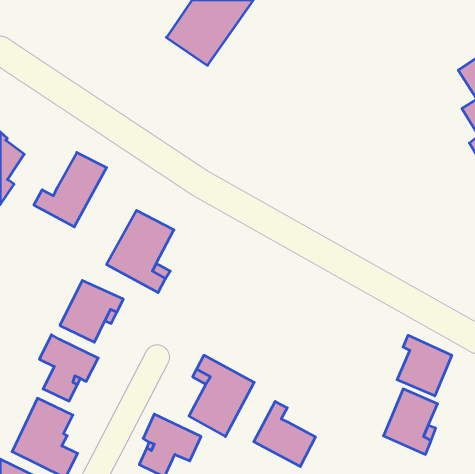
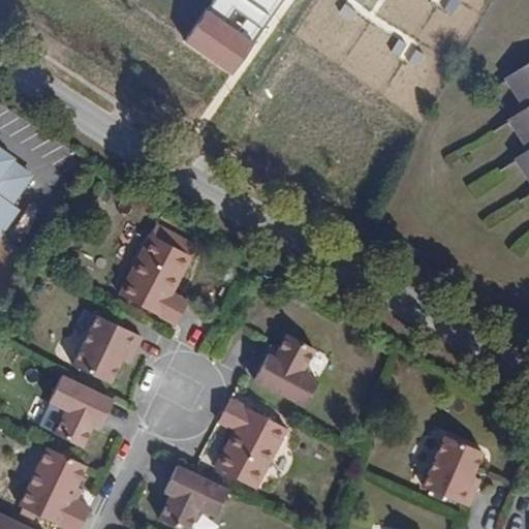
building: [34,152,107,227] -> none
building: none -> [251,333,315,405]
building: [397,335,452,396] -> none
building: [254,401,315,467] -> none

